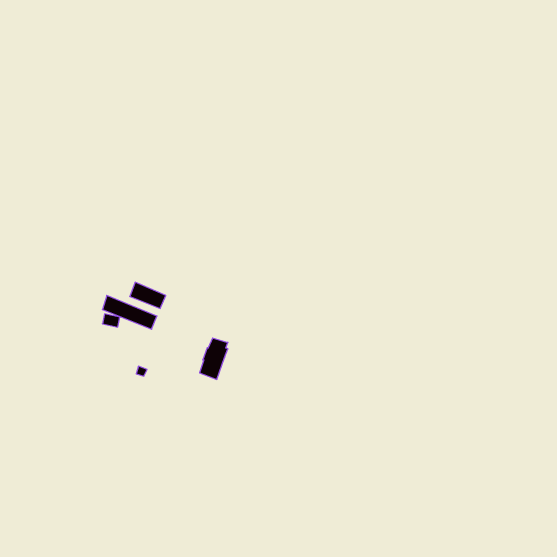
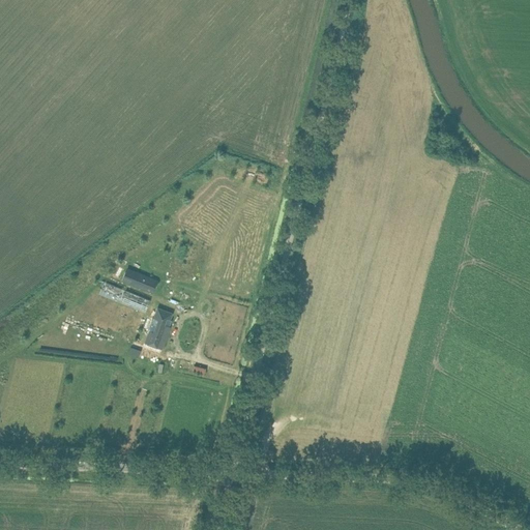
building: [200,338,228,379] -> [145,310,172,349]

